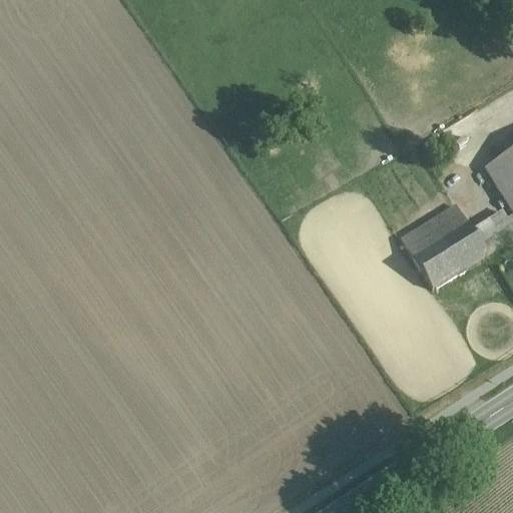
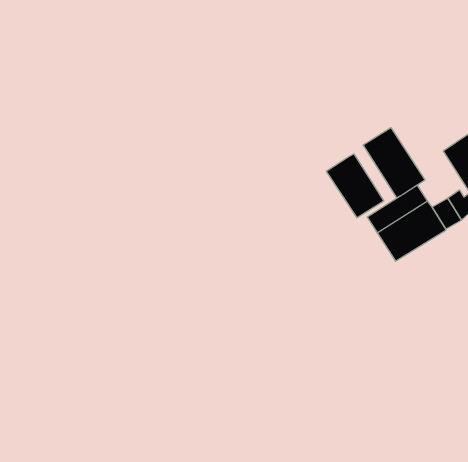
building: none -> [363,128,425,198]
building: none -> [327,154,384,218]

